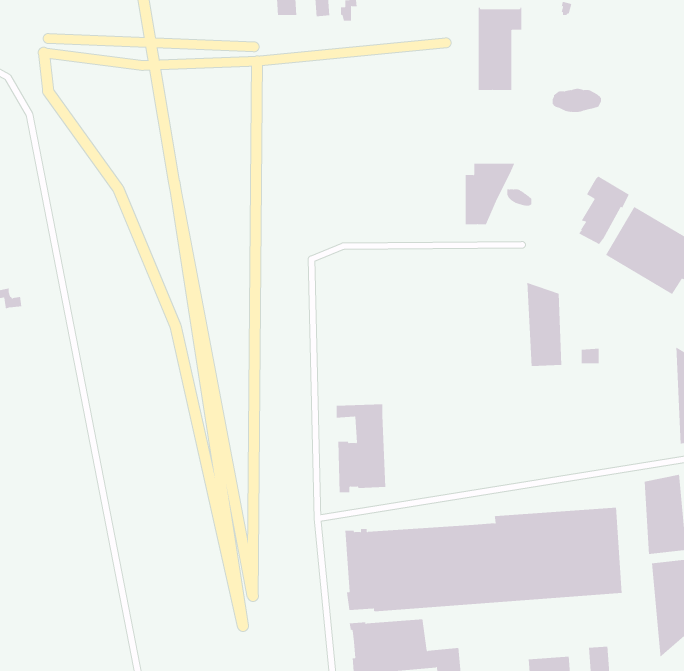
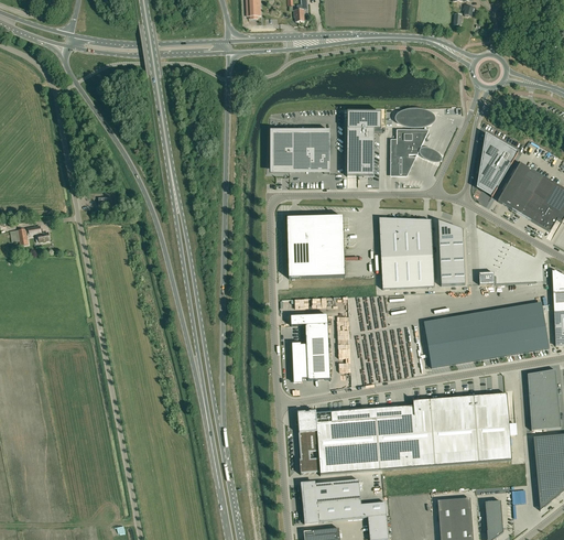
building: [478,7,522,90] -> [347,110,381,174]
building: [552,88,602,112] -> [398,108,436,127]
building: none -> [273,132,328,169]
building: none -> [286,215,345,277]
building: none -> [379,216,434,288]
building: none -> [424,303,549,366]

